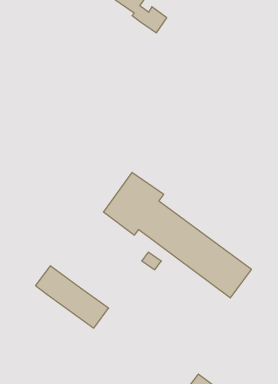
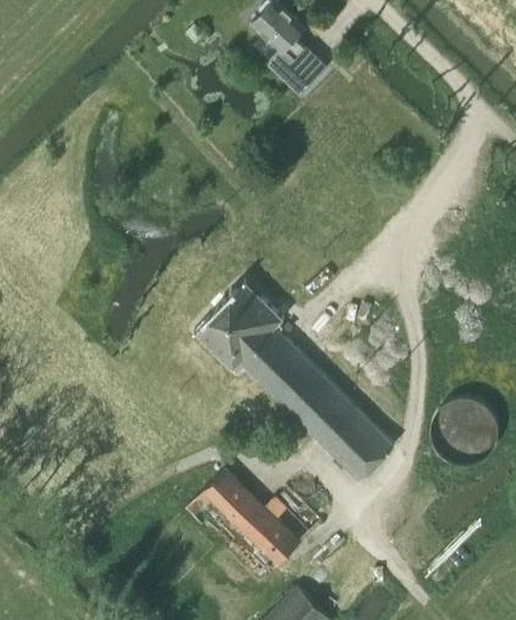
building: [36,266,109,328] -> [201,470,302,569]

